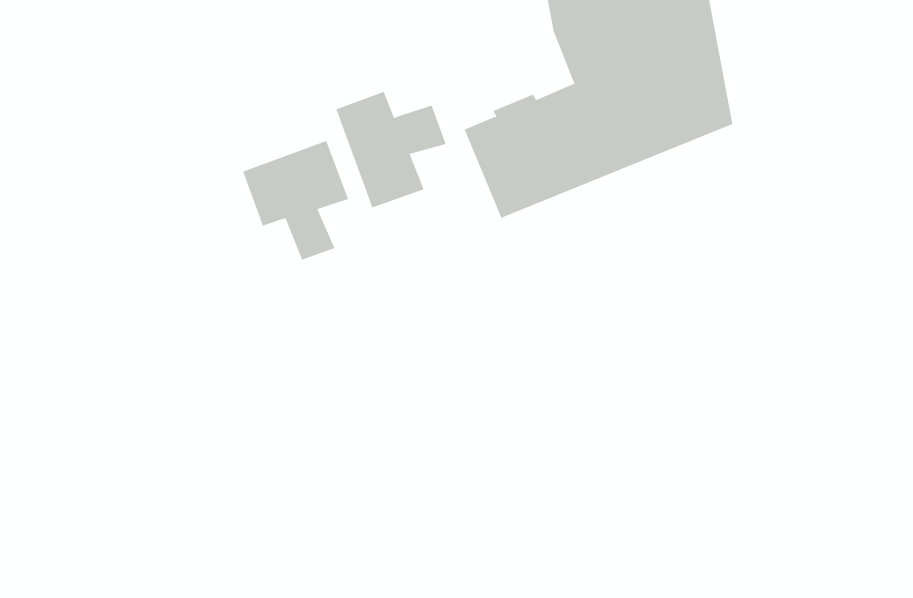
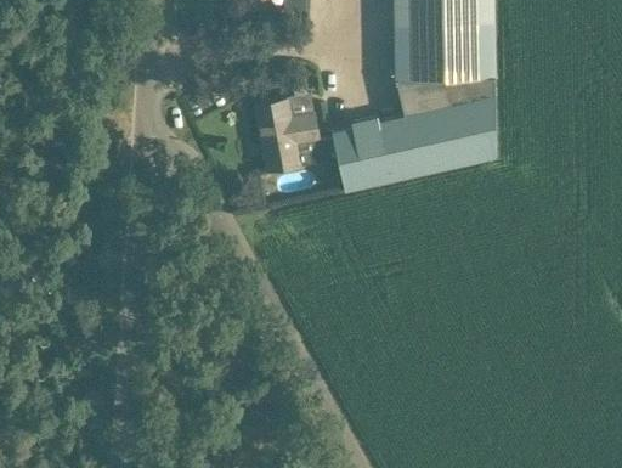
building: [242,140,349,261] -> none

